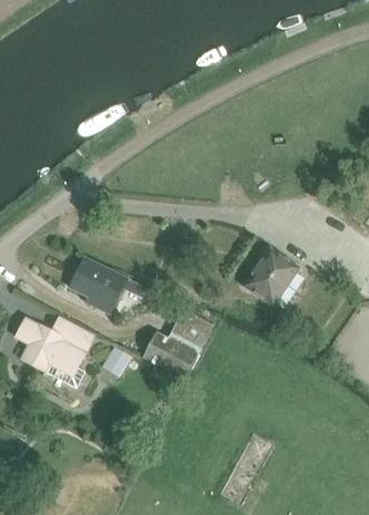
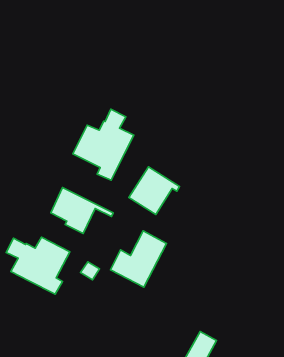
building: none -> [73,109,134,180]
building: [247,247,309,306] -> [129,167,179,215]

